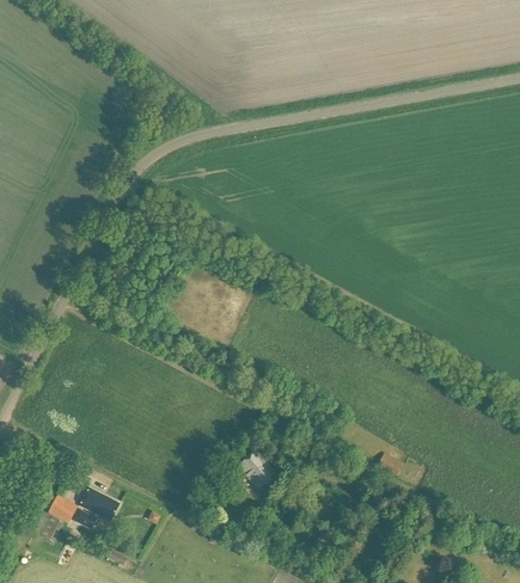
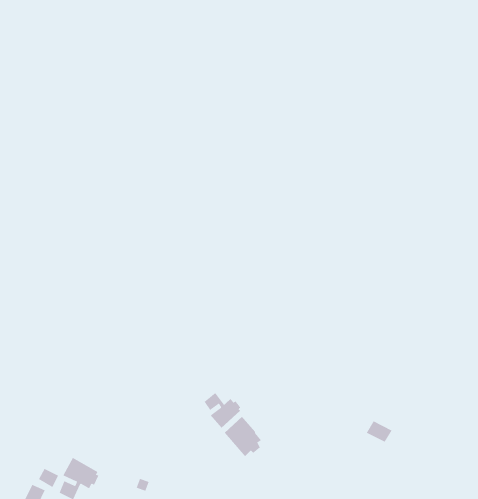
building: none -> [204,392,241,428]

